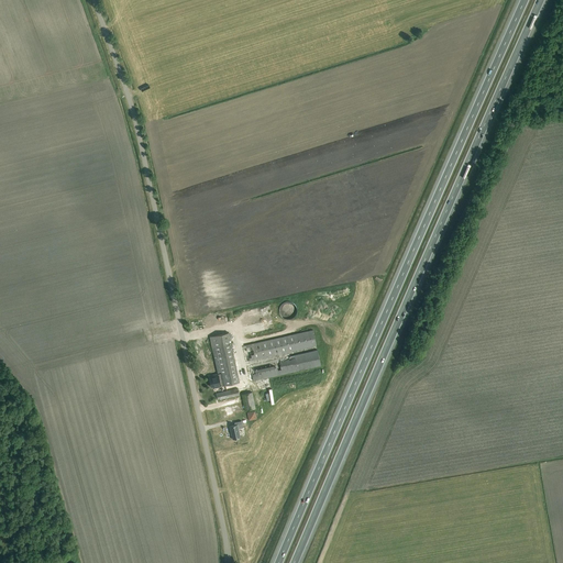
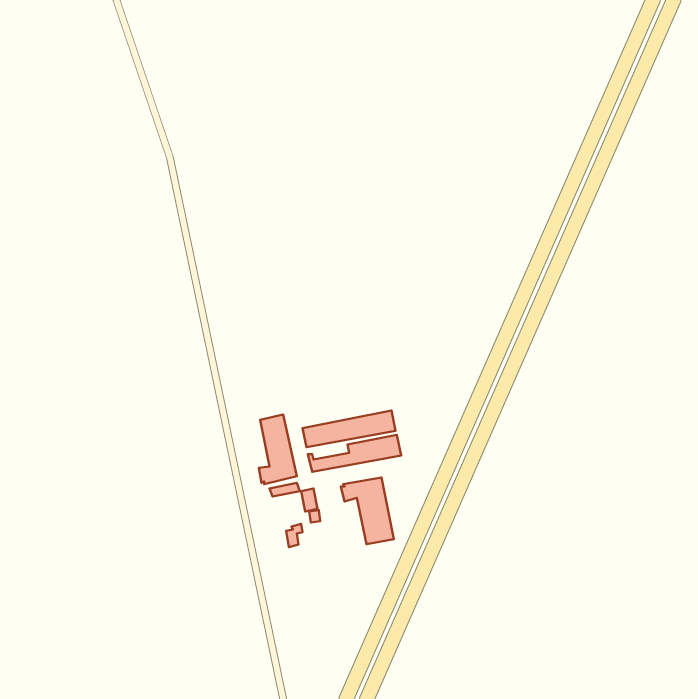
building: none -> [341,478,394,544]

